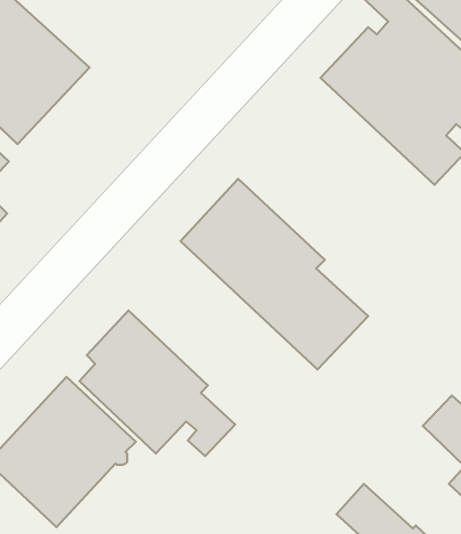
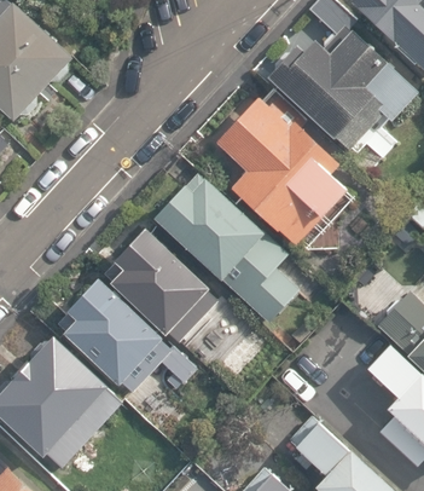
building: none -> [216,86,361,246]
building: none -> [117,221,251,339]

